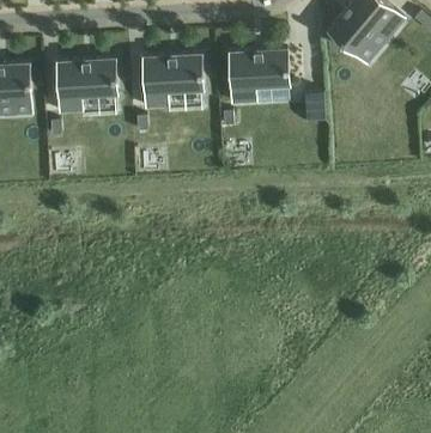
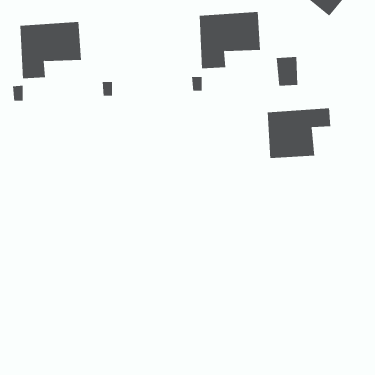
building: [142,53,202,108] -> none
building: none -> [267,107,331,159]

